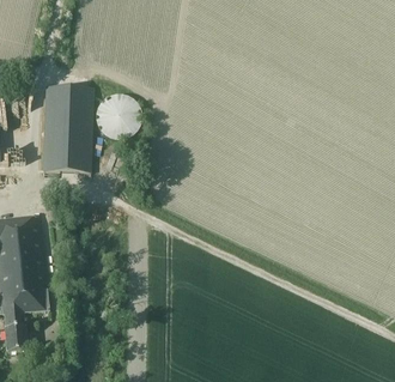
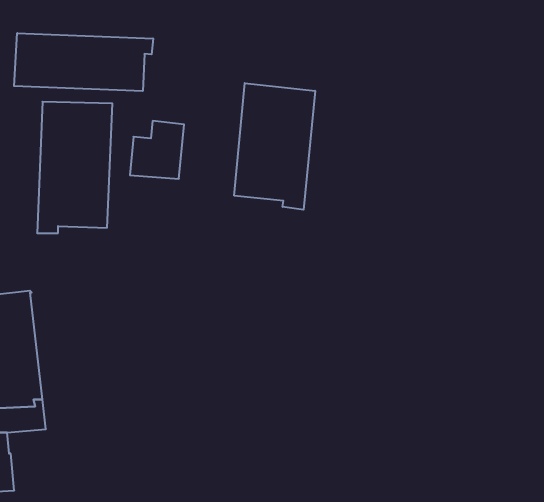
building: none -> [14,33,153,91]
building: none -> [234,83,315,210]

